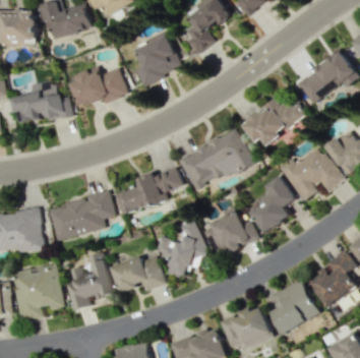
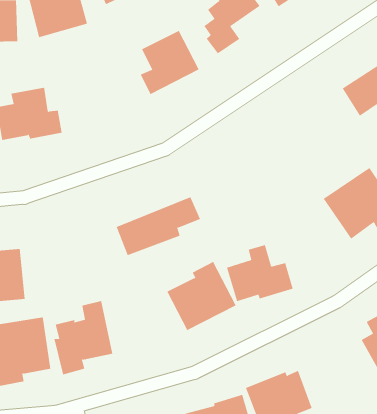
building: [70,66,128,108] -> none
building: [241,100,303,145] -> none
building: [178,129,252,192] -> none
building: [245,179,296,234] -> none
building: [48,192,114,240] -> none
building: [111,252,165,293] -> none
building: [269,279,319,334] -> none

